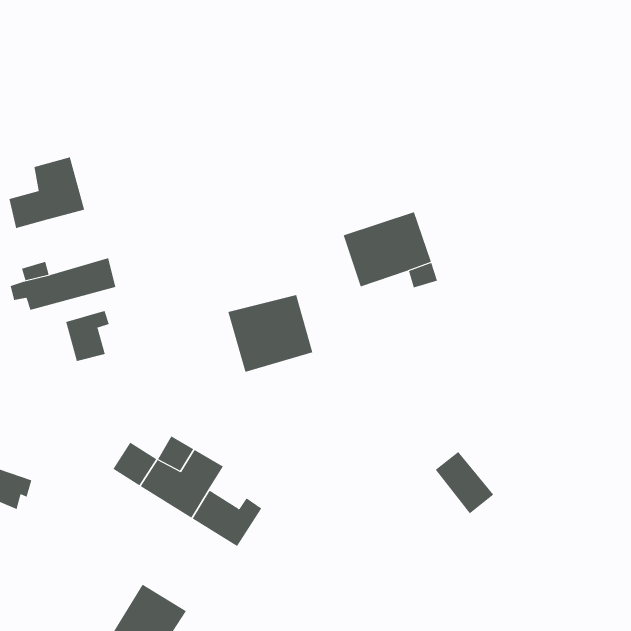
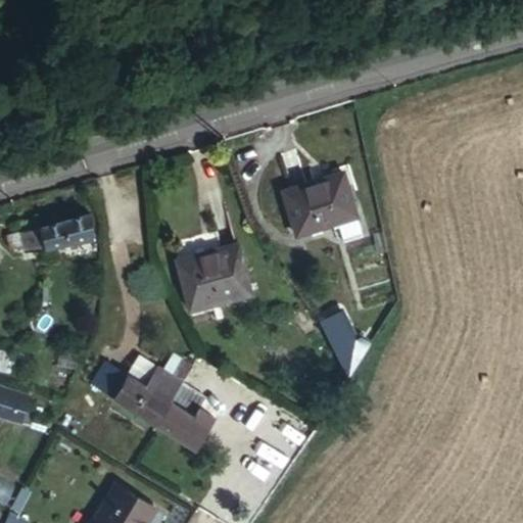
building: [9,156,85,229] -> none
building: [65,310,110,362] -> none
building: [435,451,494,514] -> [315,311,364,363]

